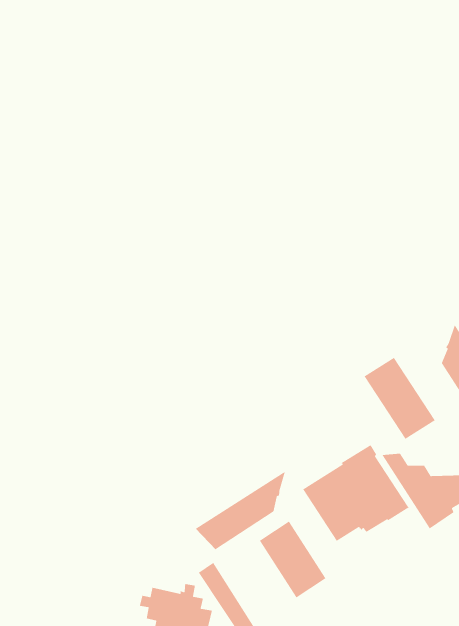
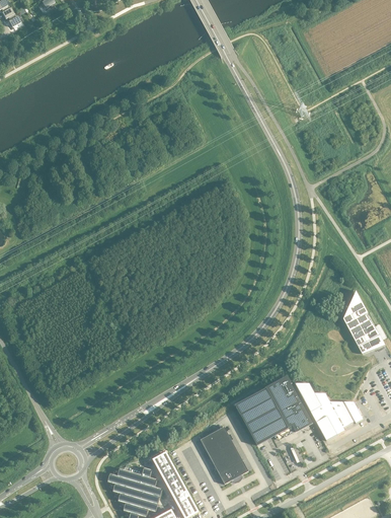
building: [363,357,436,440] -> none
building: [195,470,286,550] -> none

